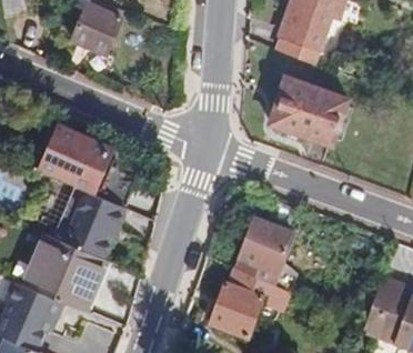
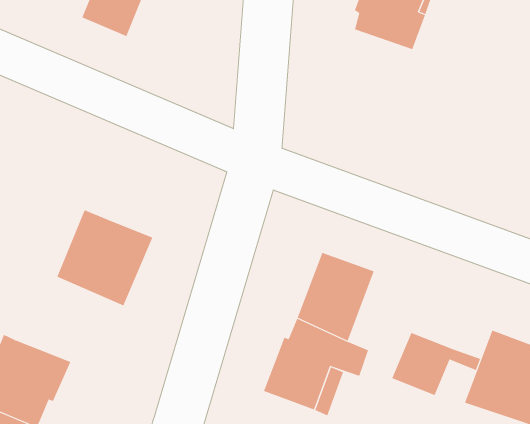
building: [270,77,354,144] -> none
building: [51,131,132,206] -> none
building: [21,232,109,311] -> none
building: none -> [391,332,481,396]

